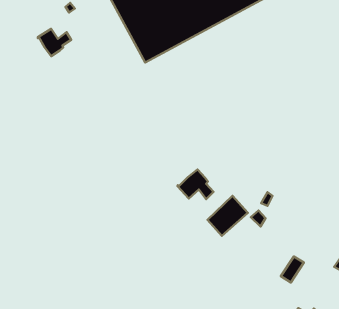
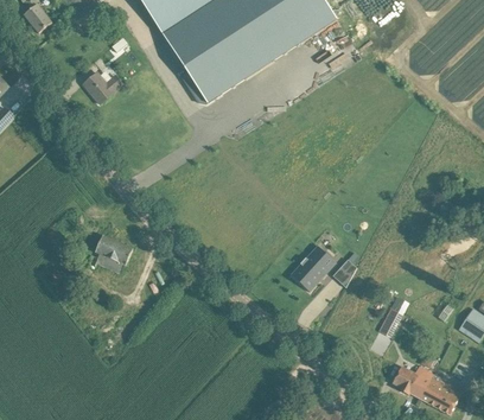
building: [177,169,214,199] -> none
building: none -> [88,235,132,273]

